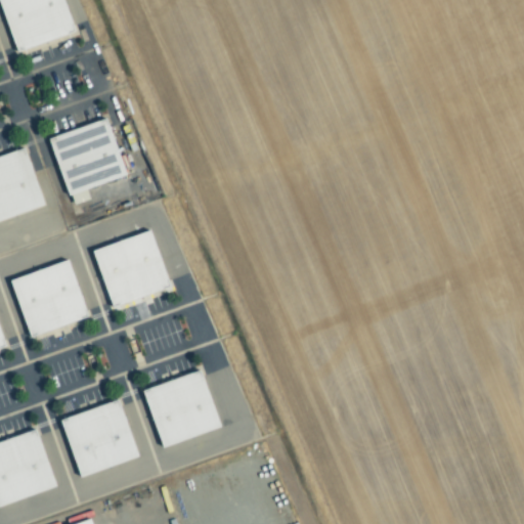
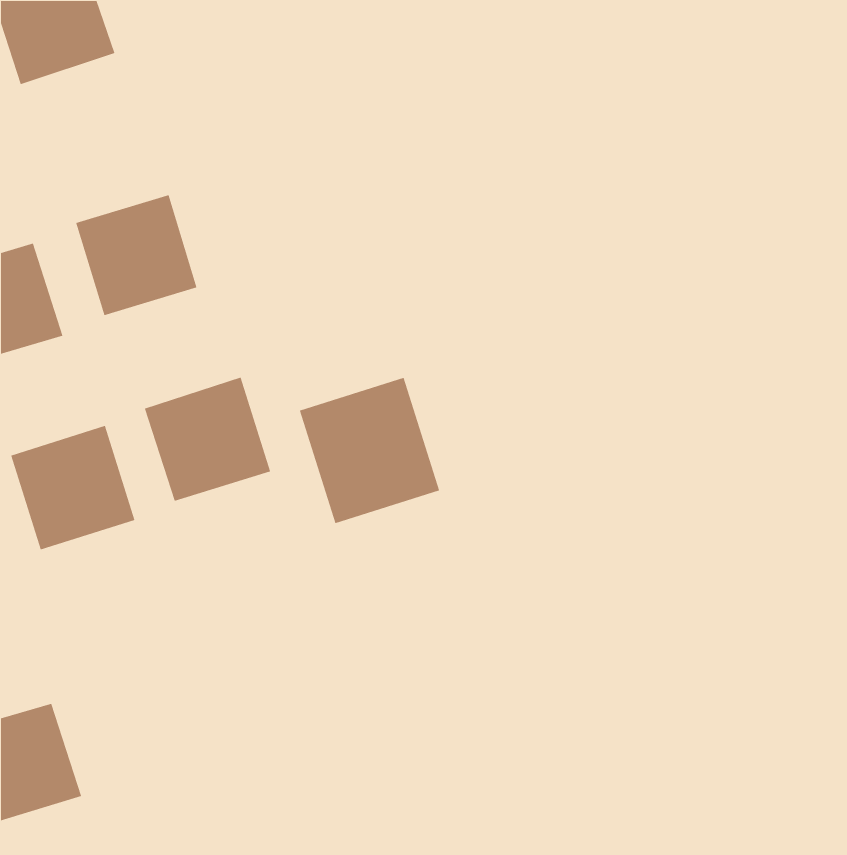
building: none -> [299,377,440,524]
building: [143,370,220,447] -> none
building: [61,400,137,476] -> none

